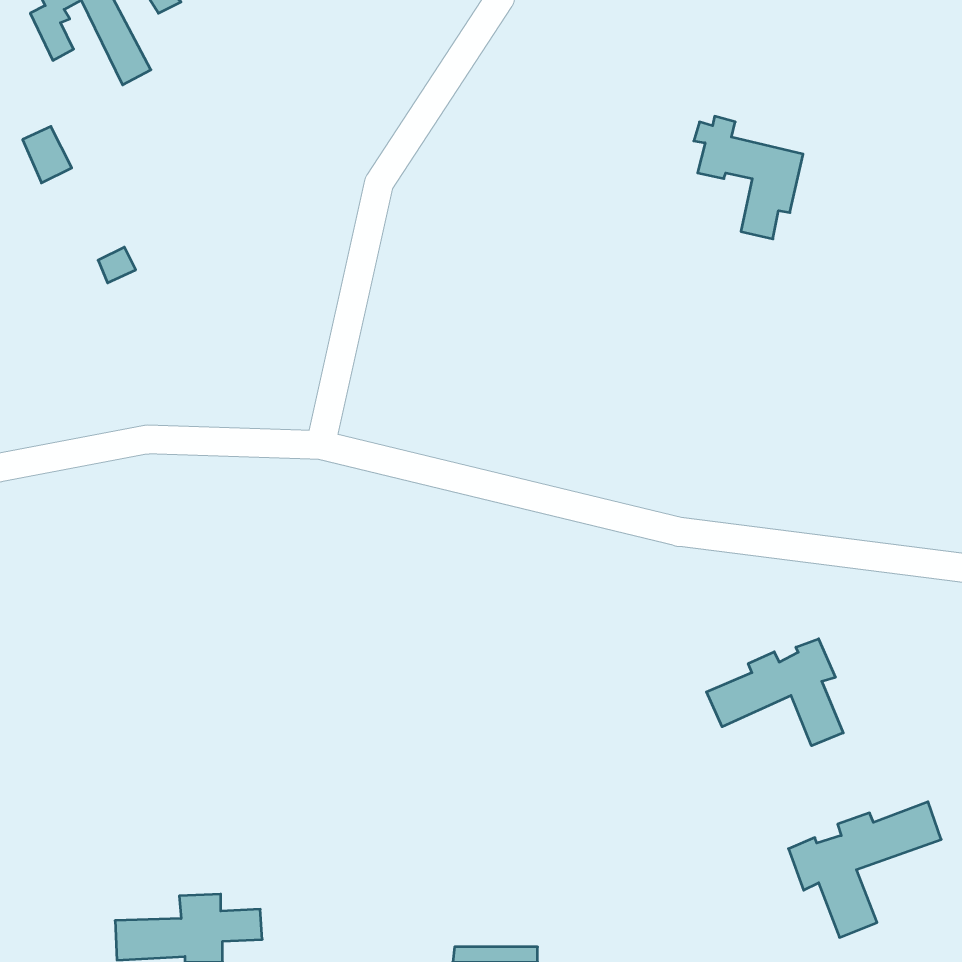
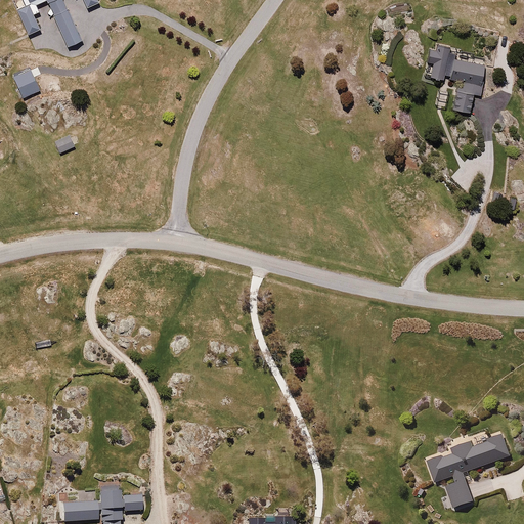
building: [694,116,803,239] -> [426,44,485,111]
building: [706,639,843,746] -> none

